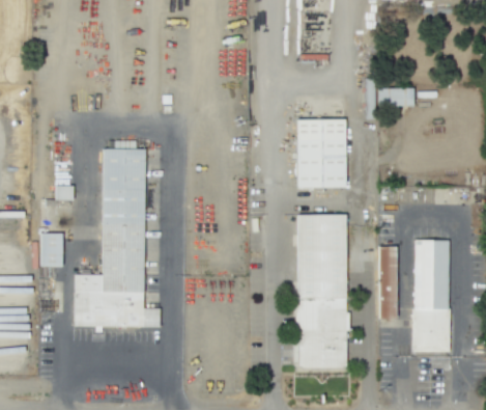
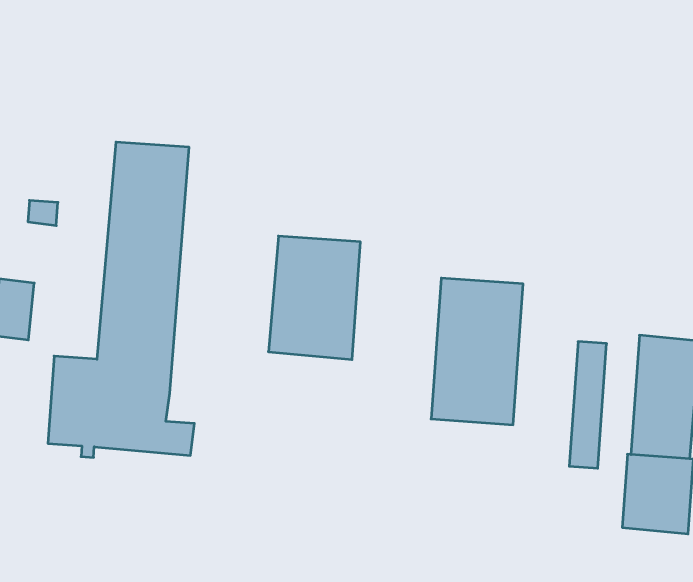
building: [379,87,413,106] -> none
building: [297,119,346,188] -> [268,236,360,360]
building: [294,296,349,366] -> none

